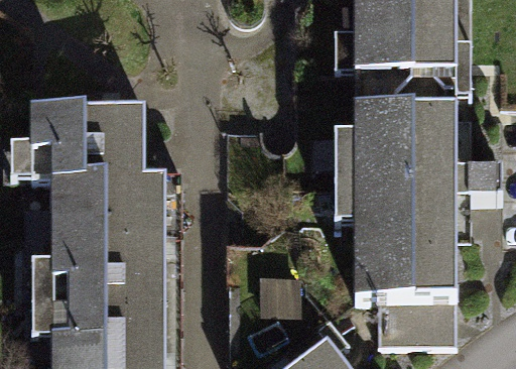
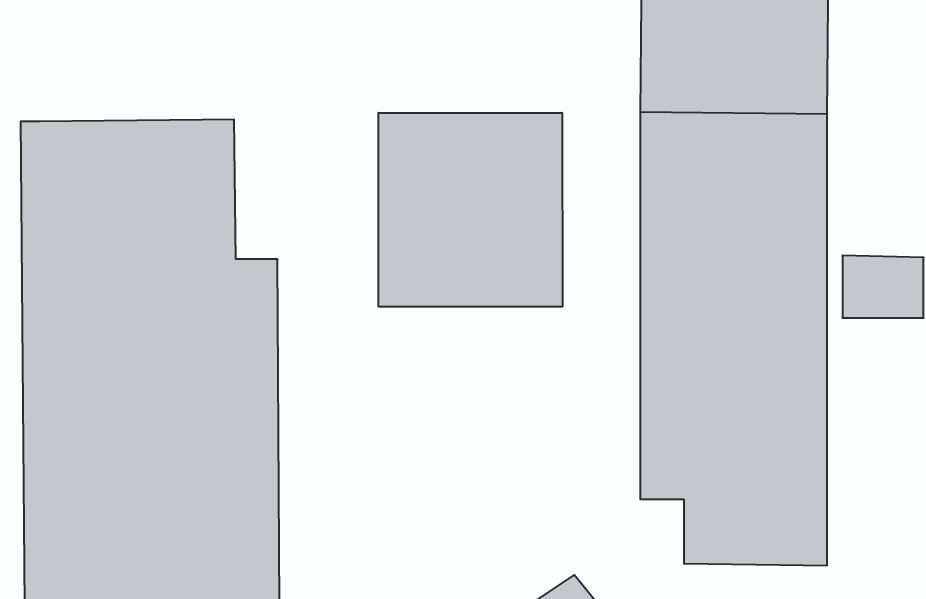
building: none -> [378,113,562,307]

